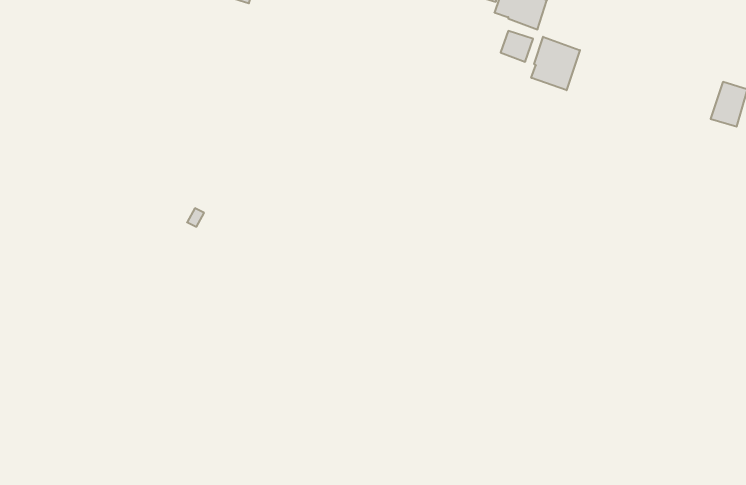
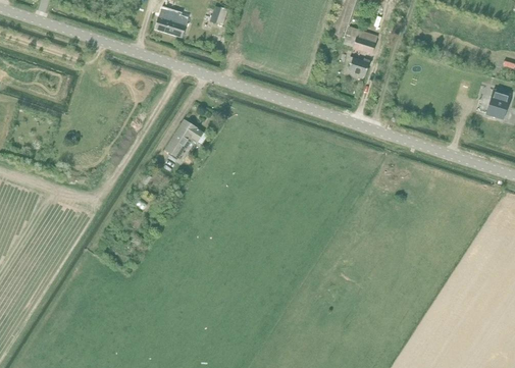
building: [531,37,580,90] -> none
building: none -> [165,118,208,158]

